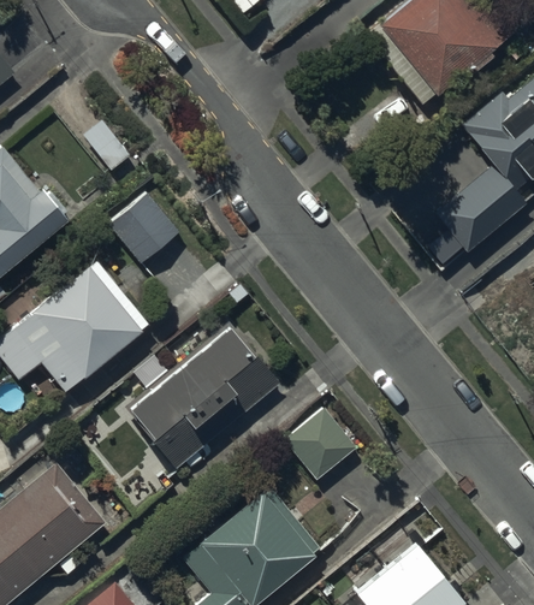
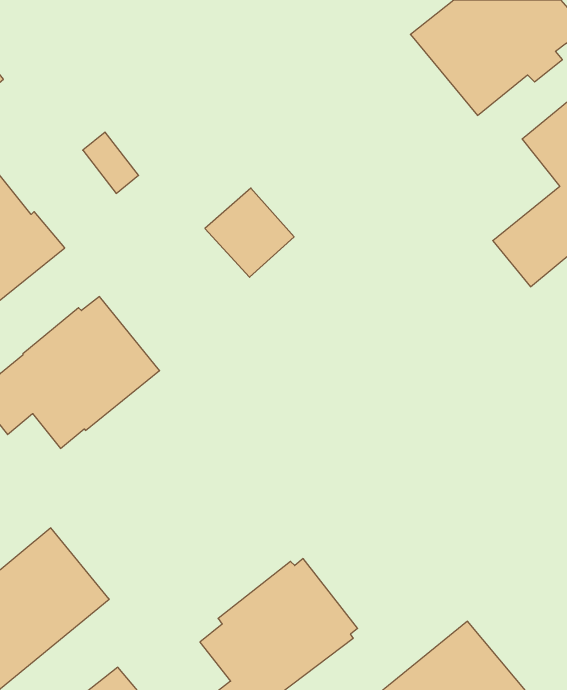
building: [107,191,184,268] -> [205,188,294,277]
building: [129,321,280,468] -> none
building: [284,408,356,480] -> none

